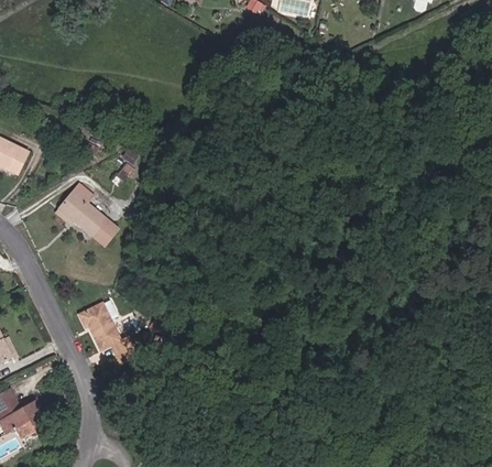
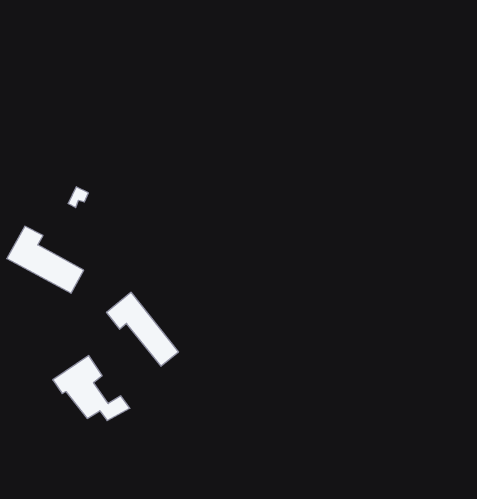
building: none -> [107,292,178,366]

